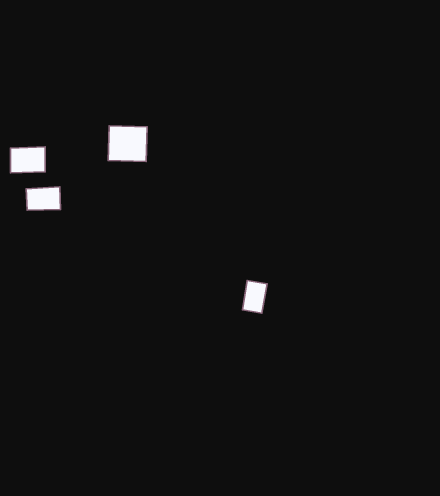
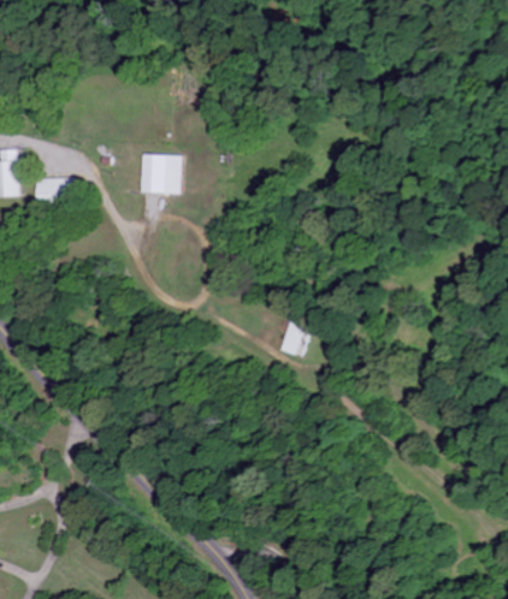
building: [26,187,60,210] -> none

